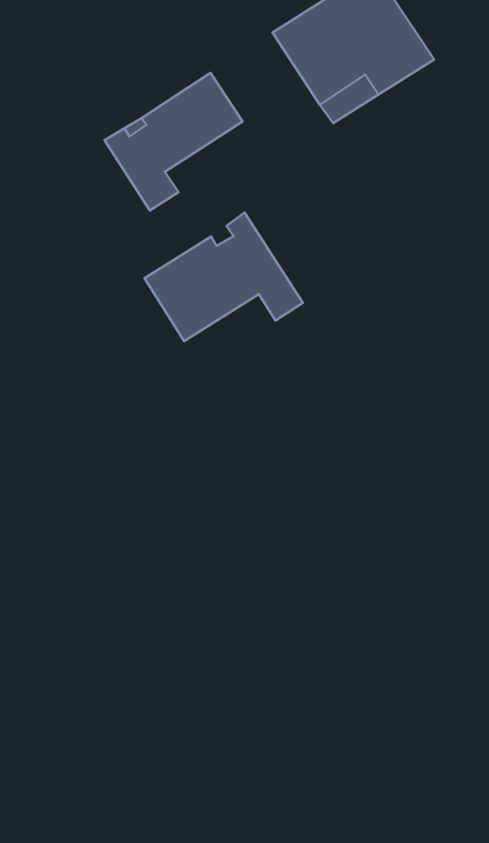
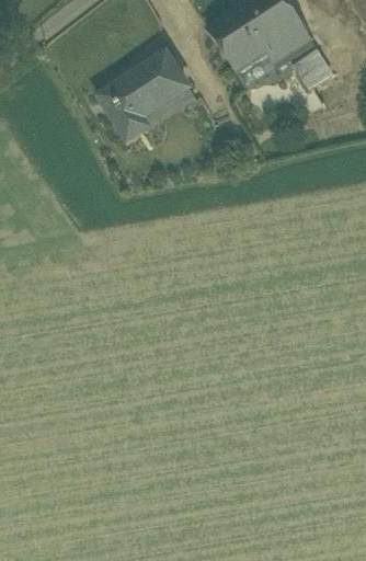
building: none -> [291,47,330,85]
building: [144,213,303,341] -> none

